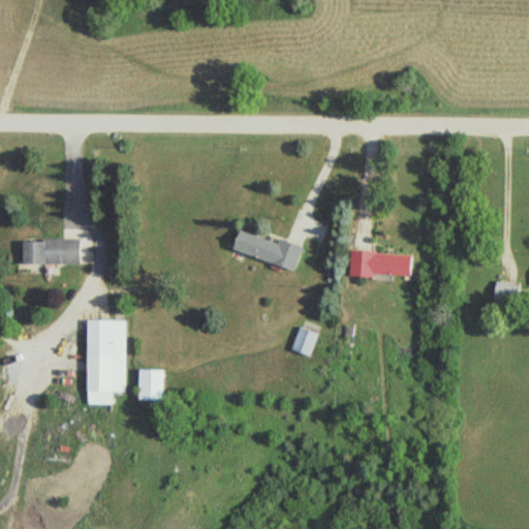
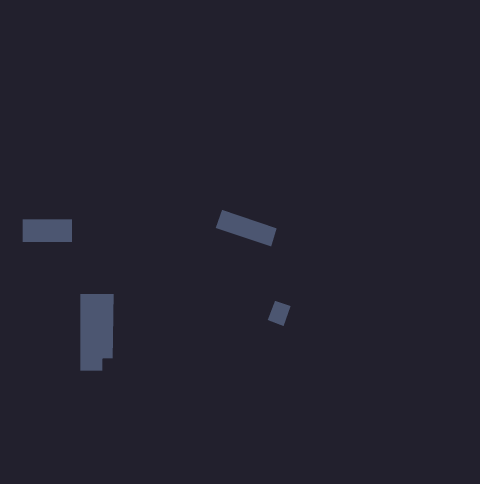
building: [350,252,412,277] -> none
building: [492,281,517,303] -> none
building: [139,370,164,401] -> none

